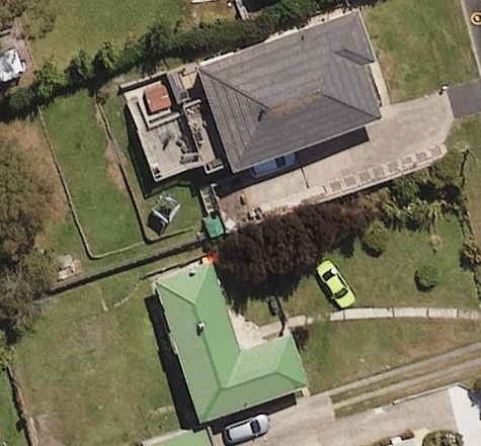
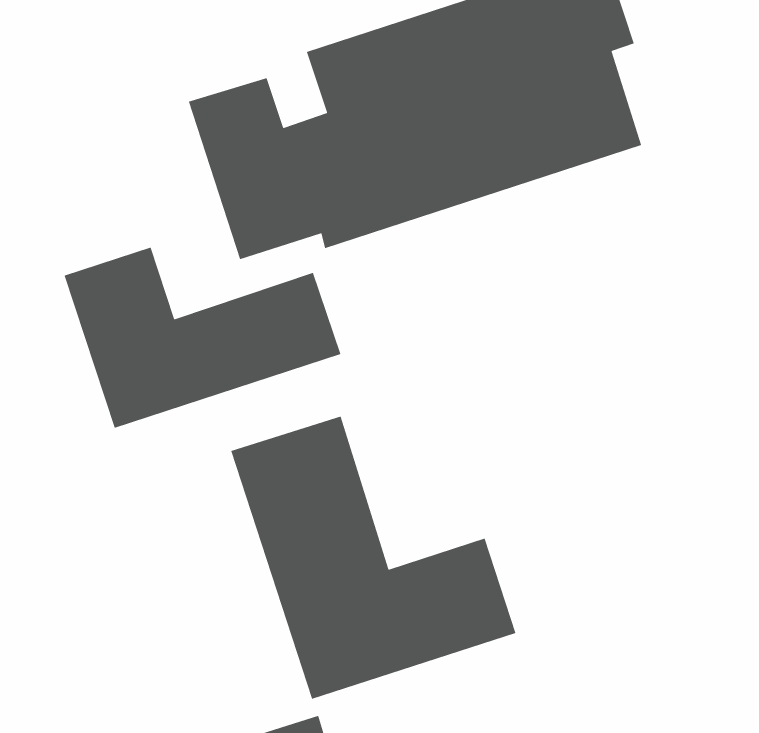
building: none -> [64,247,341,429]

